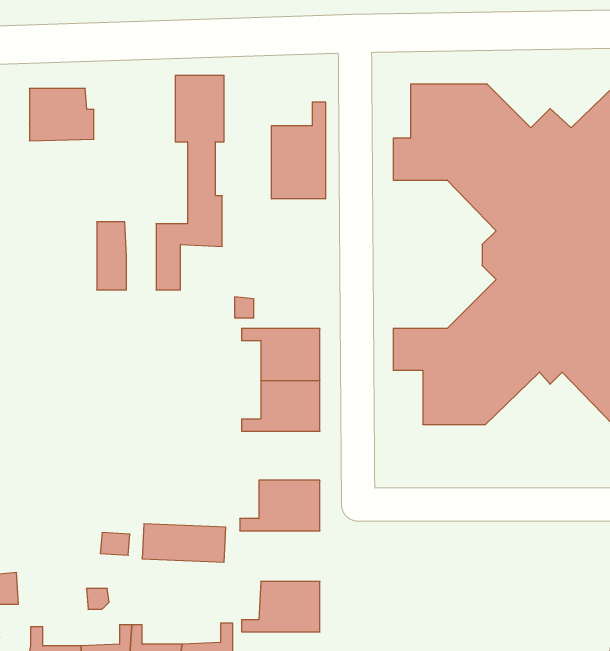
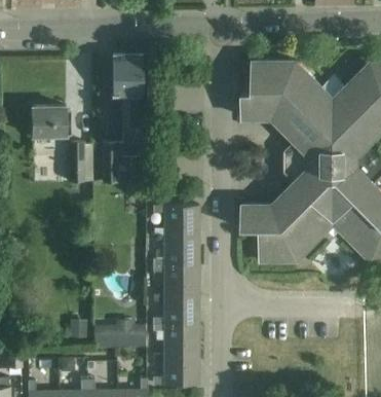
building: [29,88,94,141] -> [33,107,71,138]
building: [272,102,325,199] -> none
building: none -> [153,266,199,295]
building: none -> [152,325,199,355]

